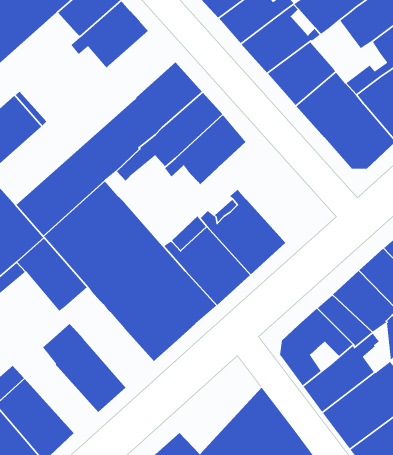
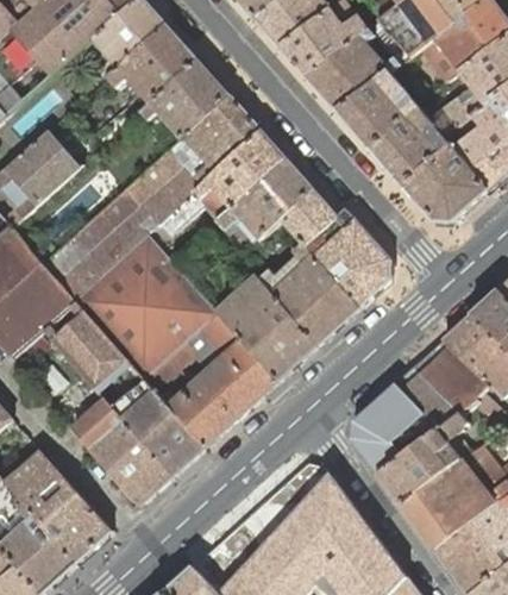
building: none -> [139,60,228,139]
building: none -> [280,189,390,307]
building: none -> [93,383,203,476]

